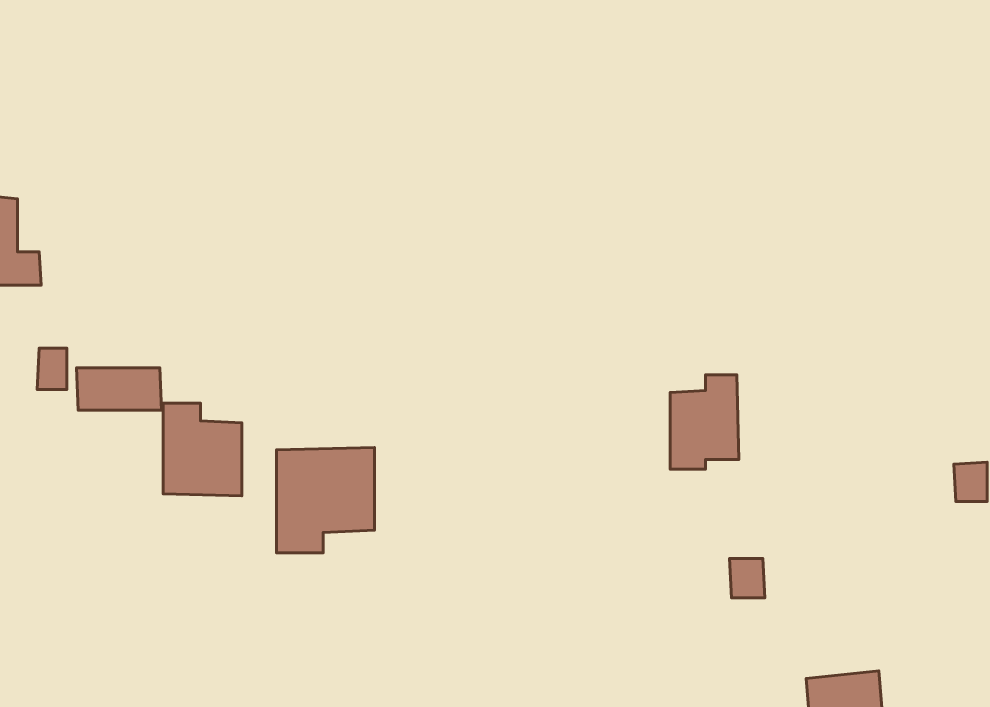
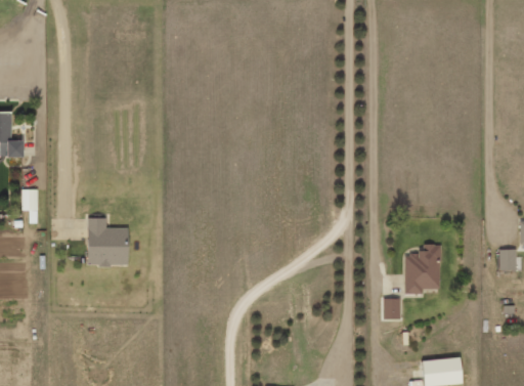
building: [76,368,162,410] -> none
building: [670,375,739,469] -> [404,245,440,294]
building: [276,447,375,553] -> none

